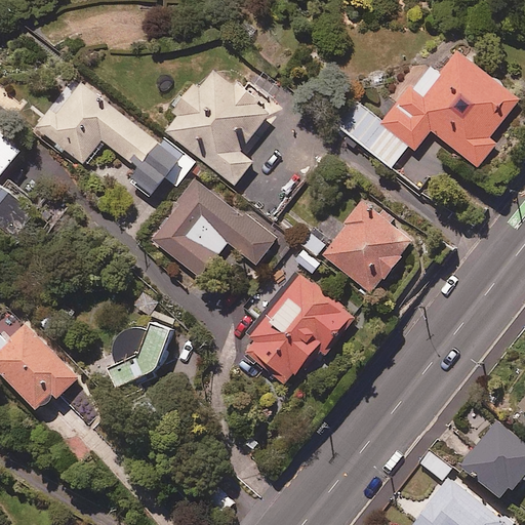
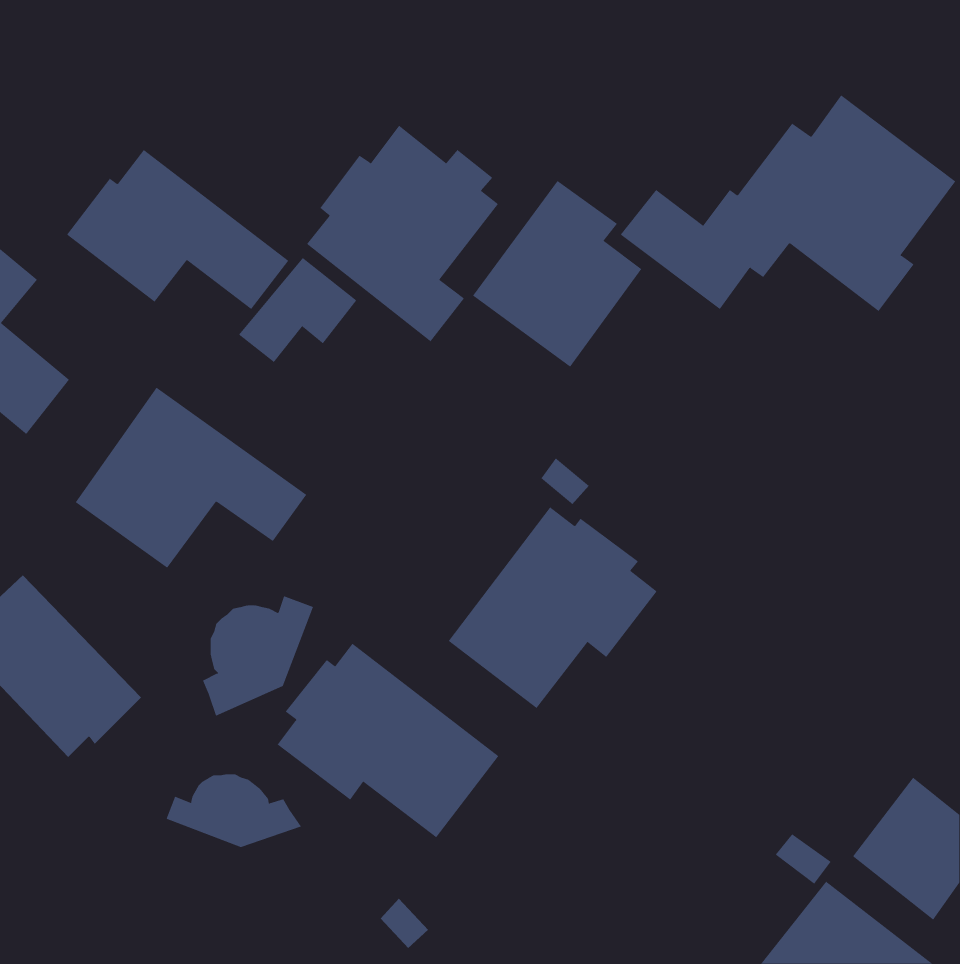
building: [150,179,276,278] -> [75,387,307,568]
building: [319,193,411,294] -> [472,180,642,367]
building: none -> [277,643,499,838]
building: none -> [166,773,302,848]

